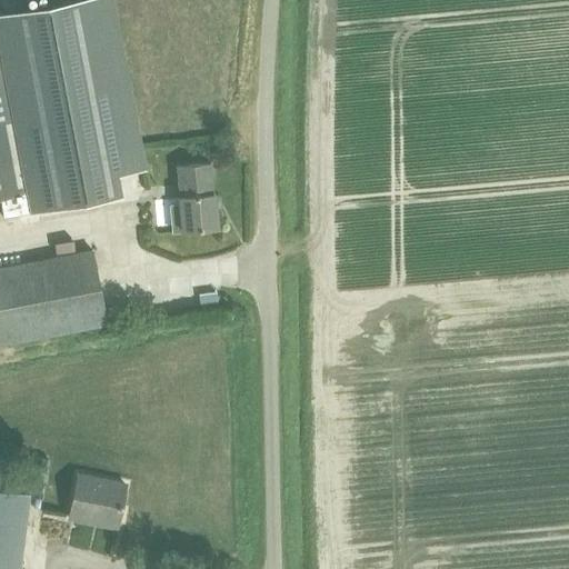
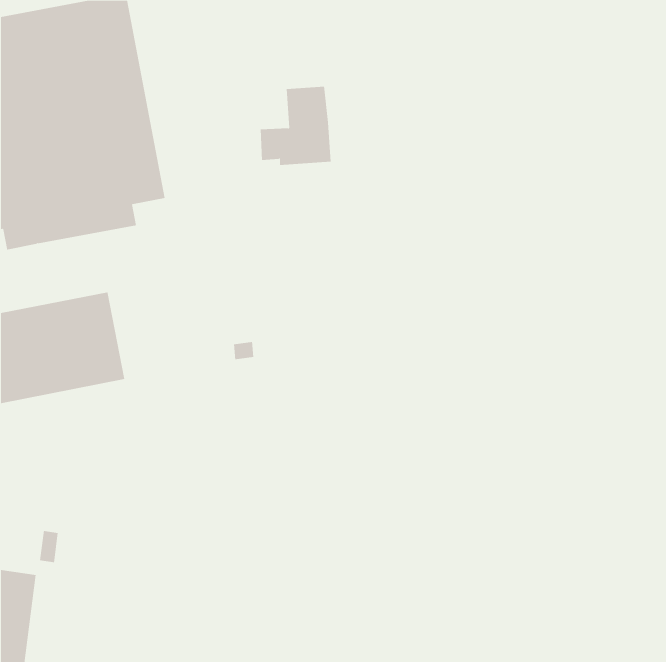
building: [154,166,216,233] -> [260,86,331,166]
building: [70,475,126,523] -> none

